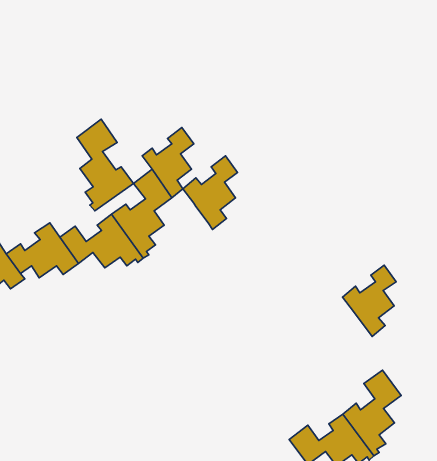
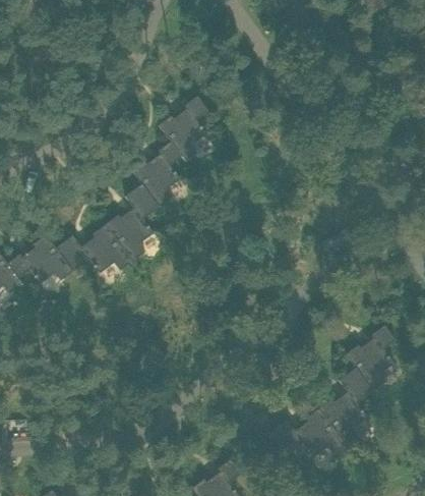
building: [77,119,133,211] -> none
building: [183,156,238,230] -> [158,96,208,164]
building: [342,265,396,337] -> [346,325,396,391]

